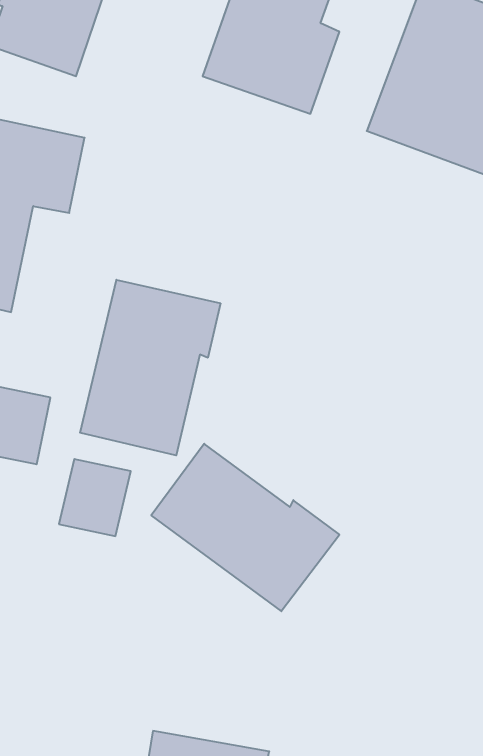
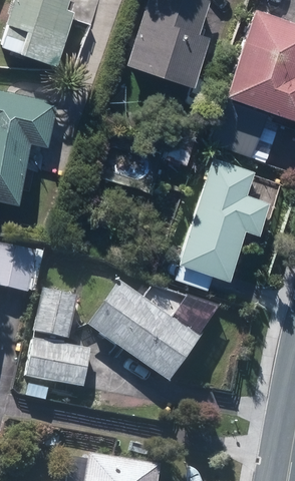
building: none -> [175,159,267,283]
building: [80,280,220,455] -> none
building: none -> [33,339,95,386]

